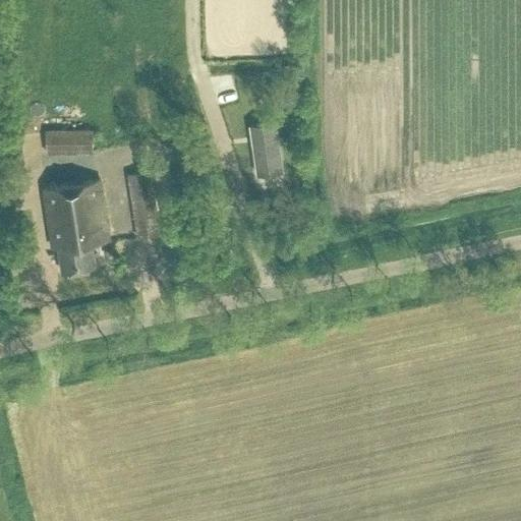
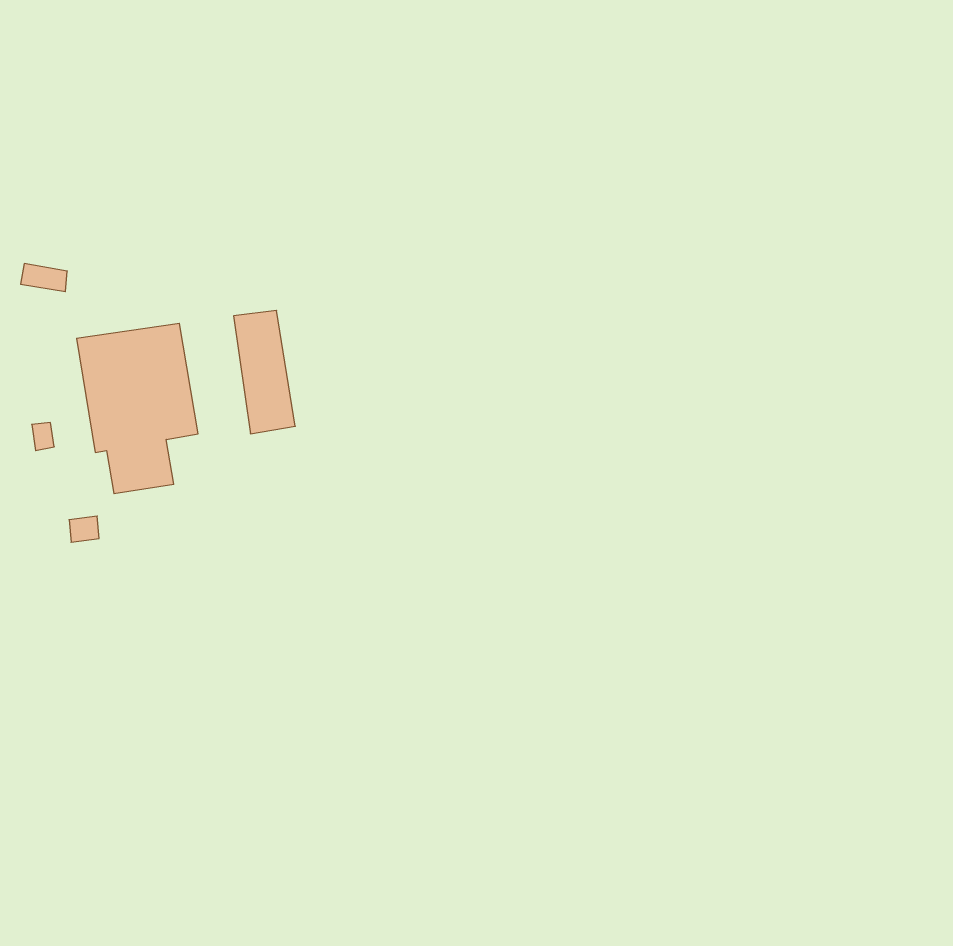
building: [250,124,282,177] -> none
building: [45,132,92,153] -> none

